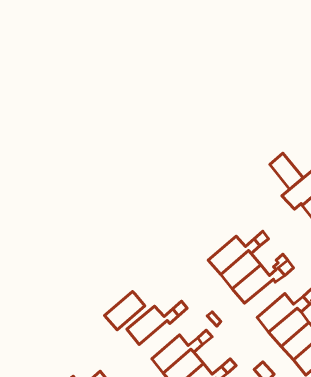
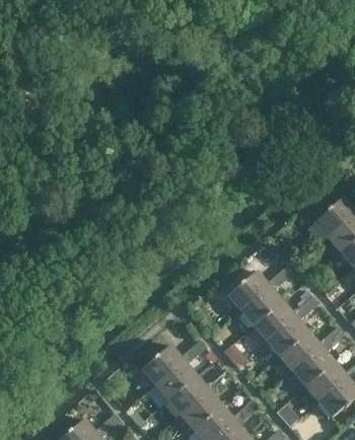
building: [270,153,303,189] -> none
building: none -> [267,317,309,358]
building: [105,291,145,330] -> [155,361,198,401]

